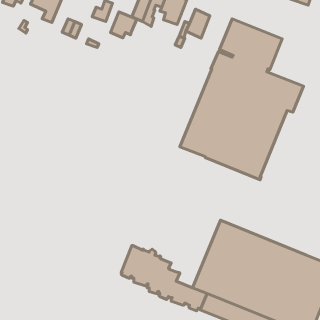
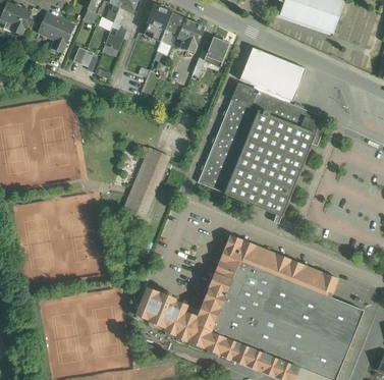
building: [110,12,137,38] -> none
building: none -> [124,149,172,217]
building: none -> [193,234,337,331]

